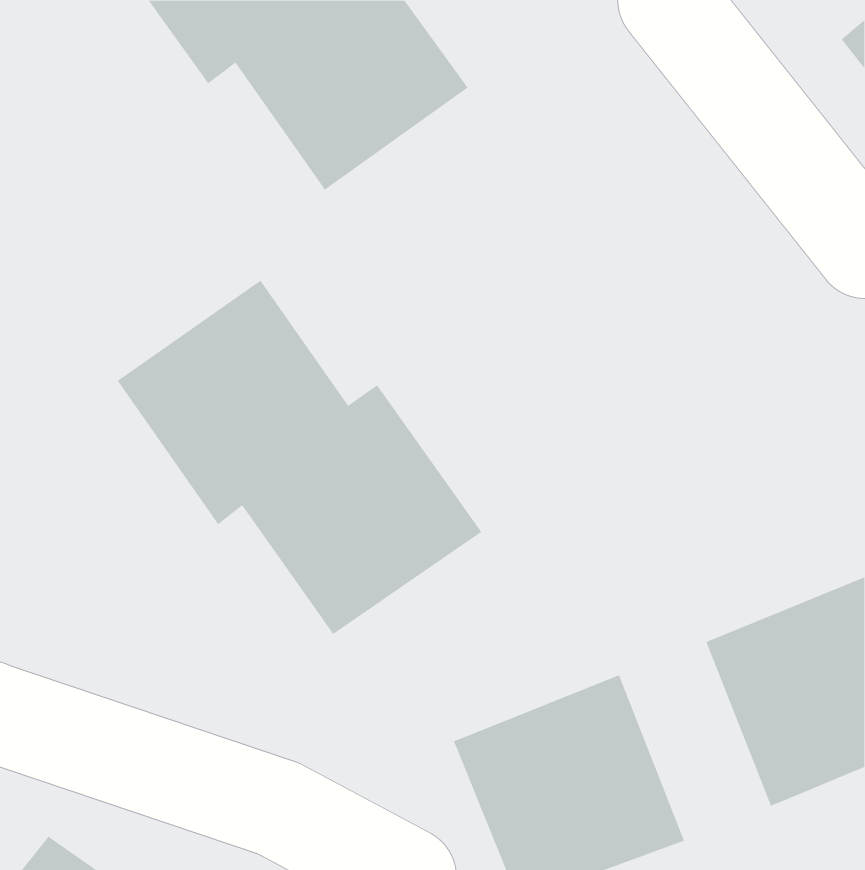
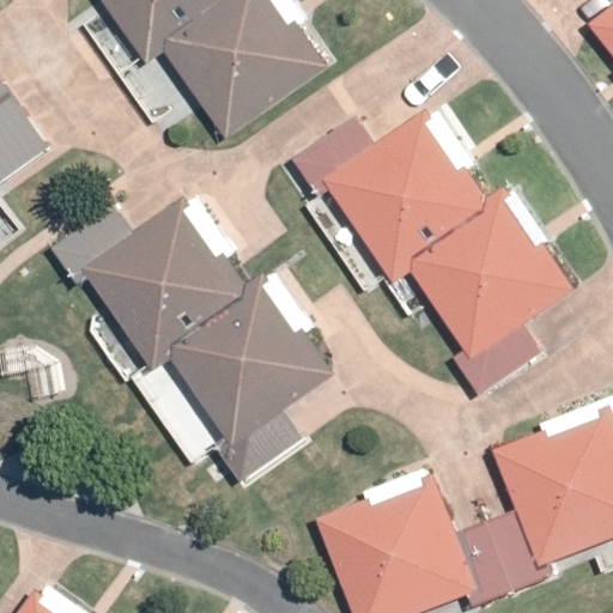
building: none -> [322,114,571,358]

